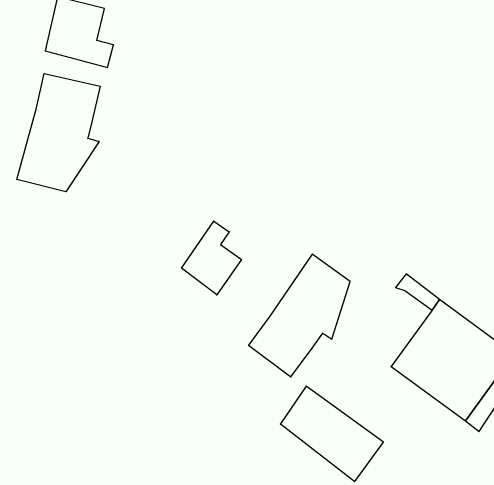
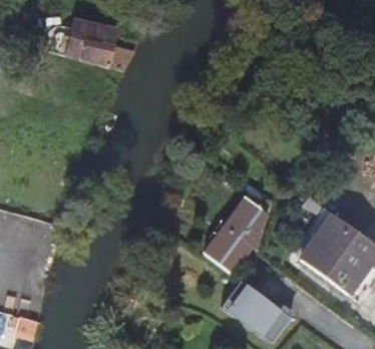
building: [17,74,100,192] -> none
building: [182,221,241,295] -> none

